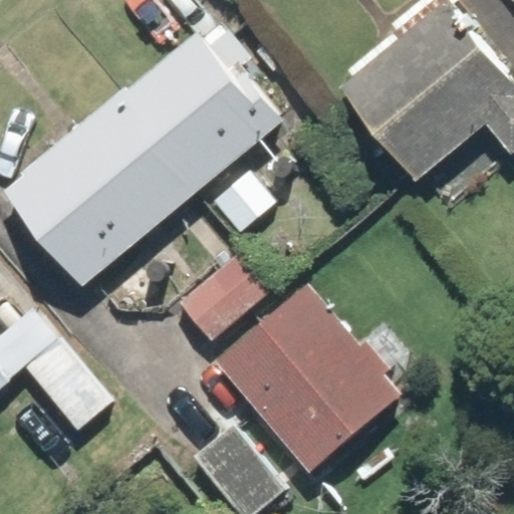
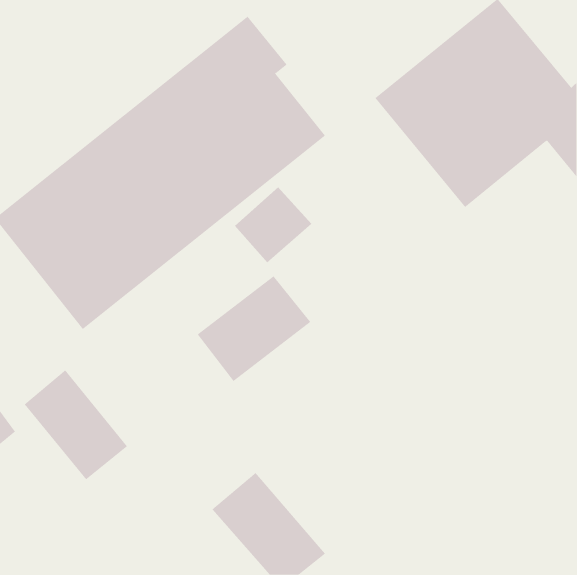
building: [212,279,411,474] -> none

